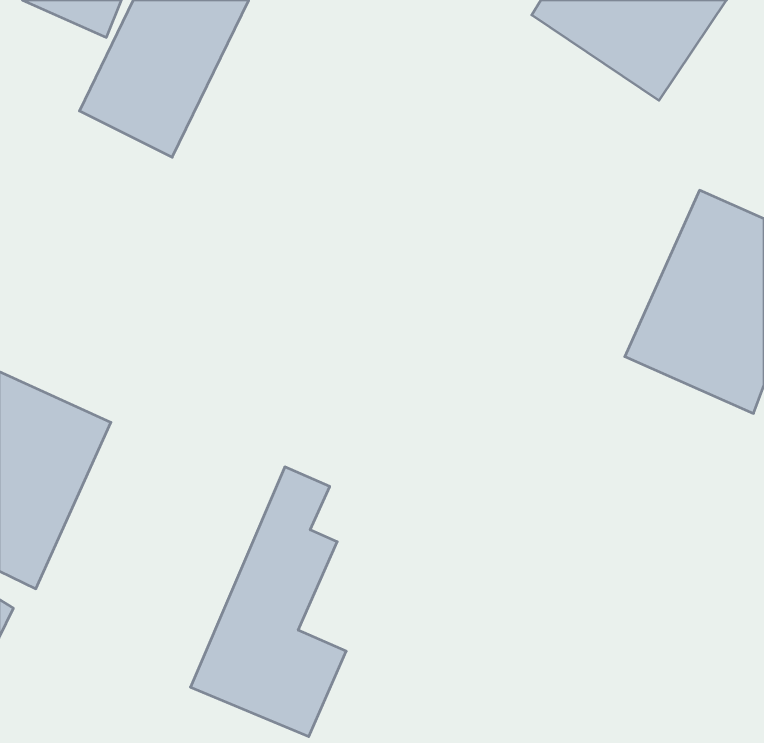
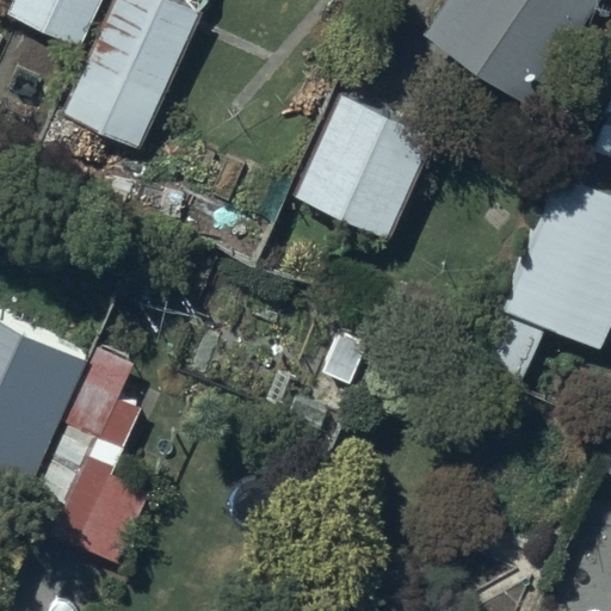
building: none -> [295,93,437,240]
building: [190,467,346,737] -> [25,348,149,563]

